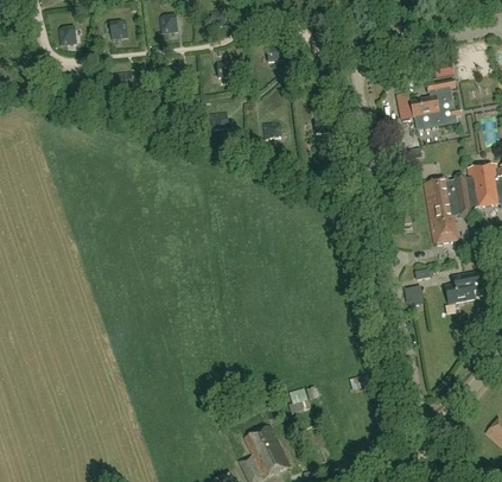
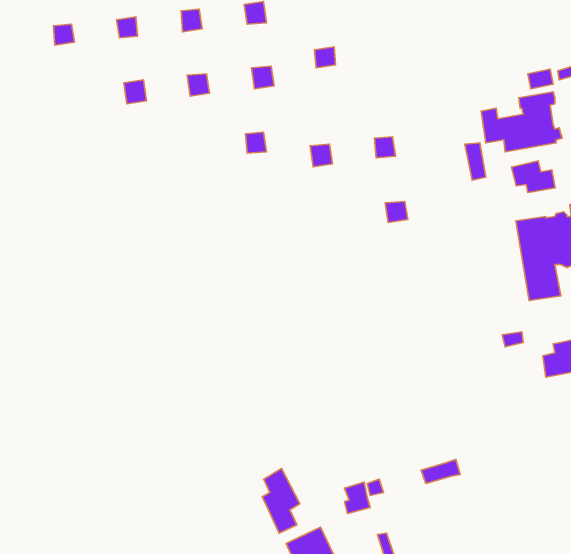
building: none -> [511,161,555,193]
building: none -> [262,468,300,533]

